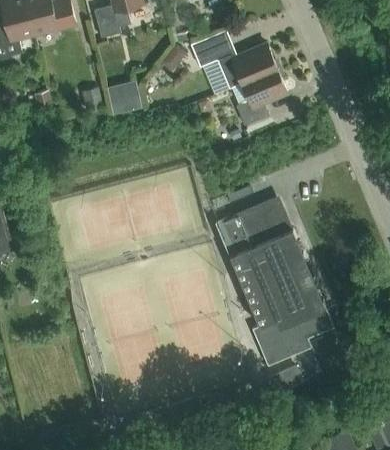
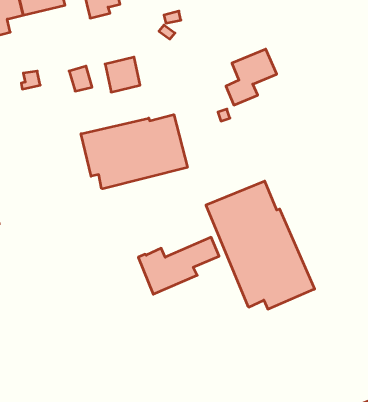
building: [190,29,277,87] -> none
building: none -> [81,115,187,189]
building: [252,309,333,366] -> [138,237,219,294]

